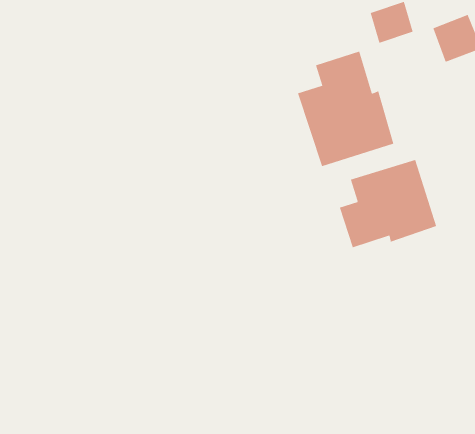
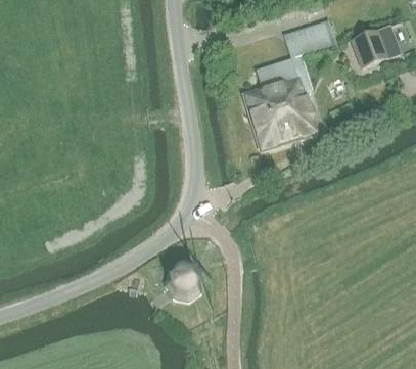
building: [339,159,437,248] -> none
building: none -> [169,264,200,298]

